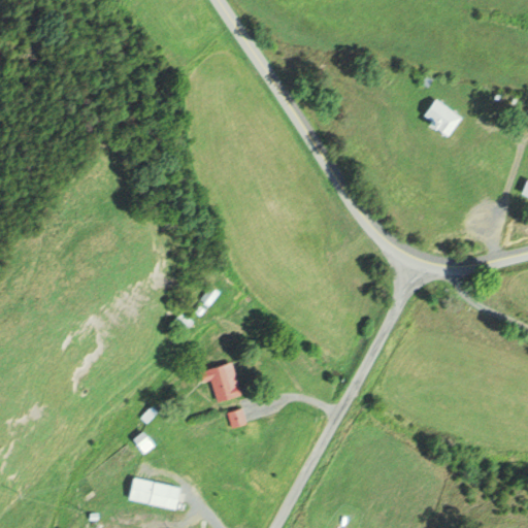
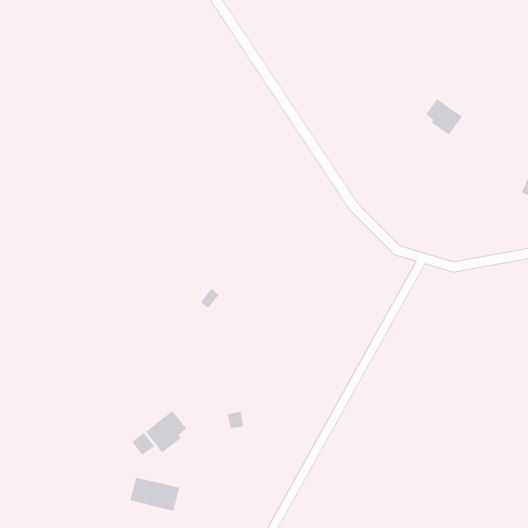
building: [199,362,241,402] -> none
building: none -> [145,410,187,453]

